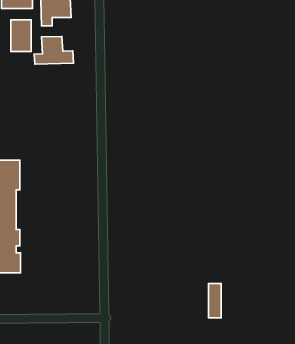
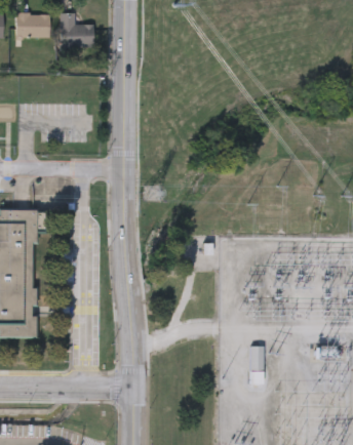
building: [11,20,31,51] -> none
building: [34,37,74,64] -> none

